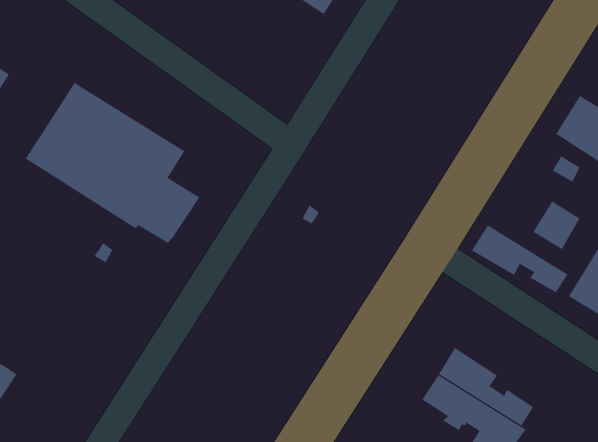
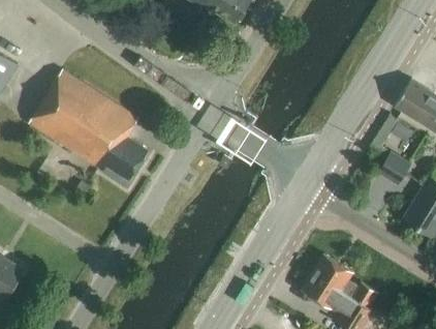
building: [471,225,568,293] -> none

